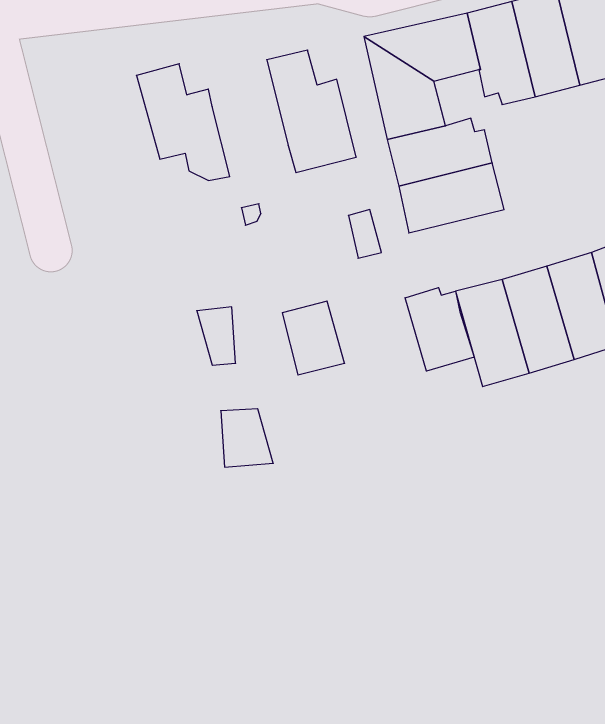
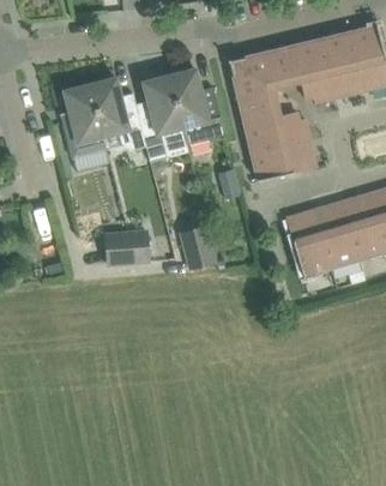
building: none -> [135,74,182,161]
building: none -> [61,84,109,170]
building: [405,288,474,371] -> none
building: [221,409,273,467] -> [103,229,135,265]

